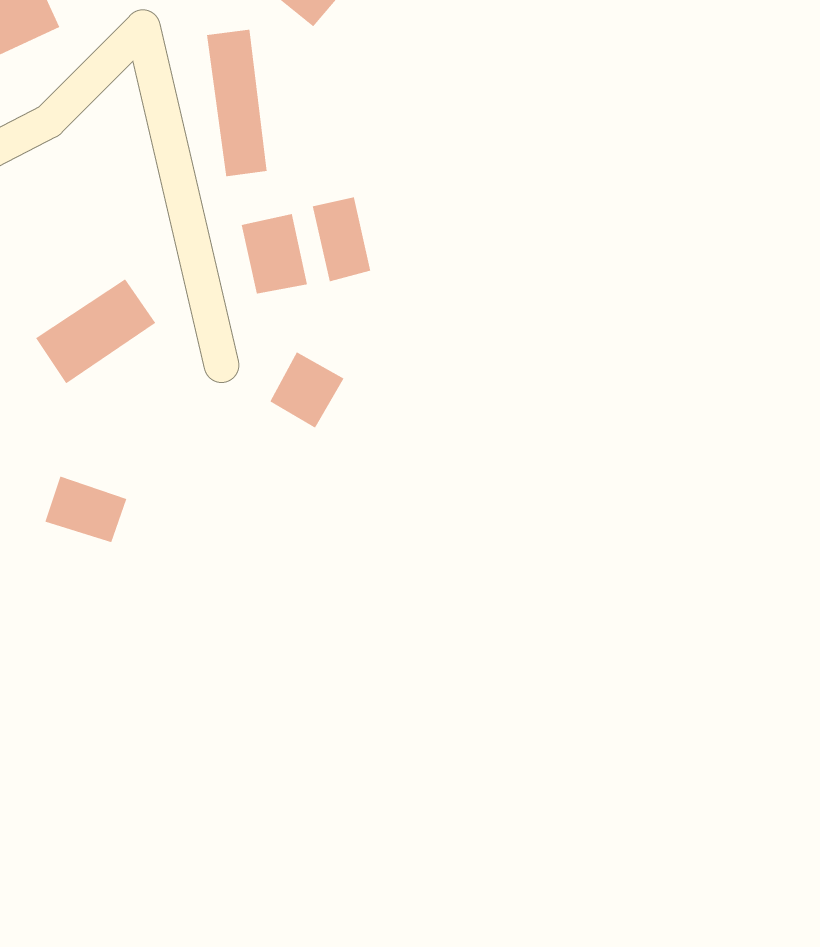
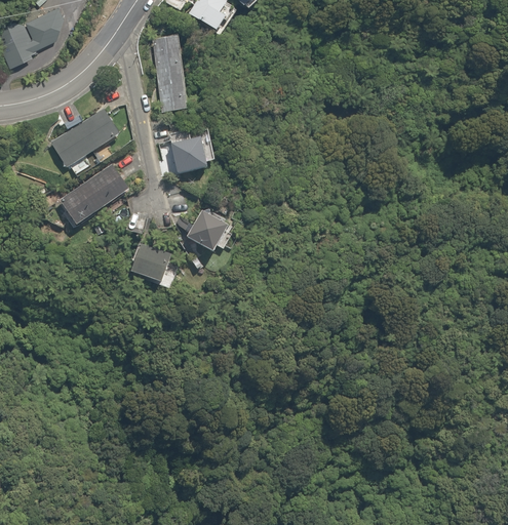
building: none -> [52,109,121,168]
building: [312,196,371,282] -> none
building: [45,476,127,543] -> [126,241,170,277]

